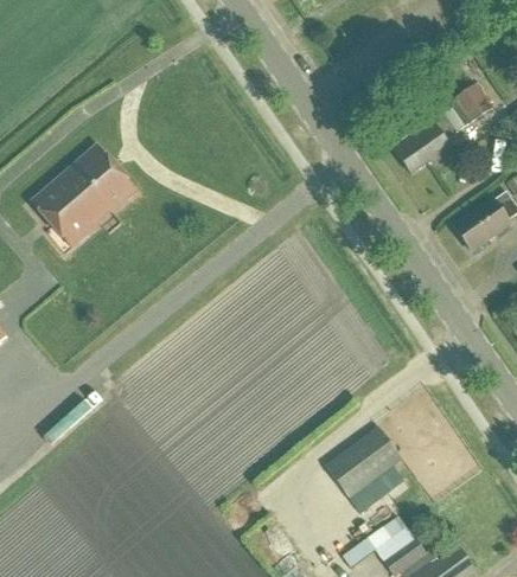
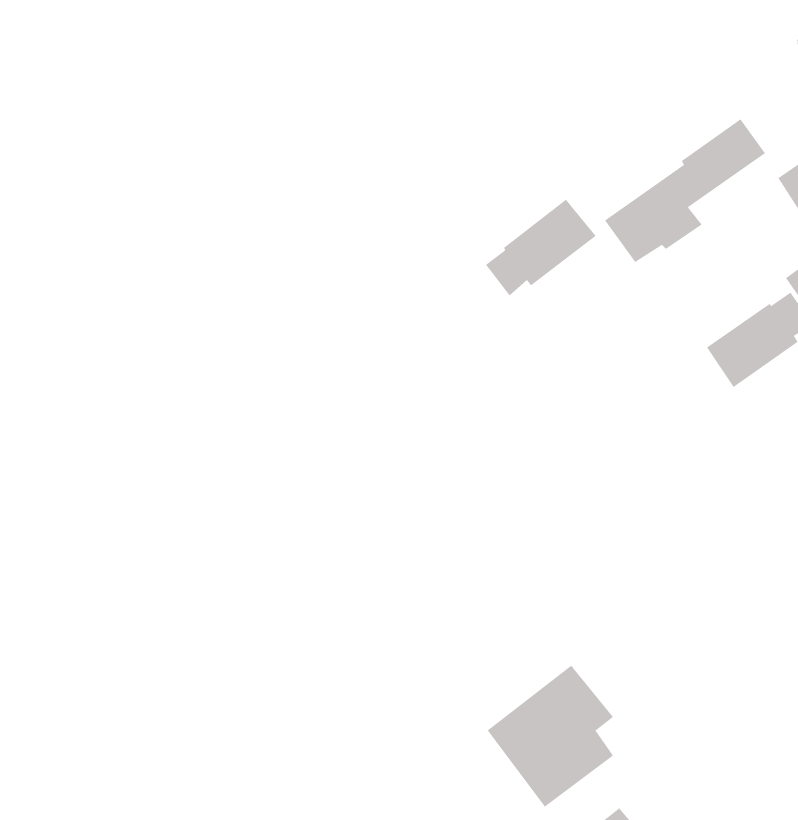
building: none -> [485,199,596,296]
building: [32,145,138,241] -> none

